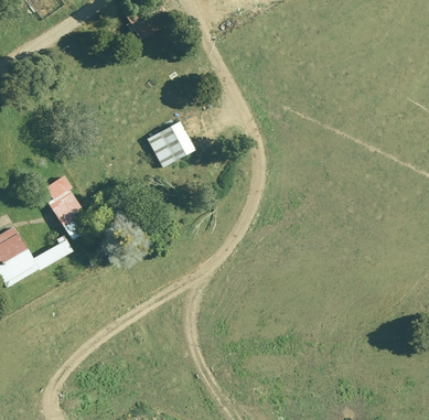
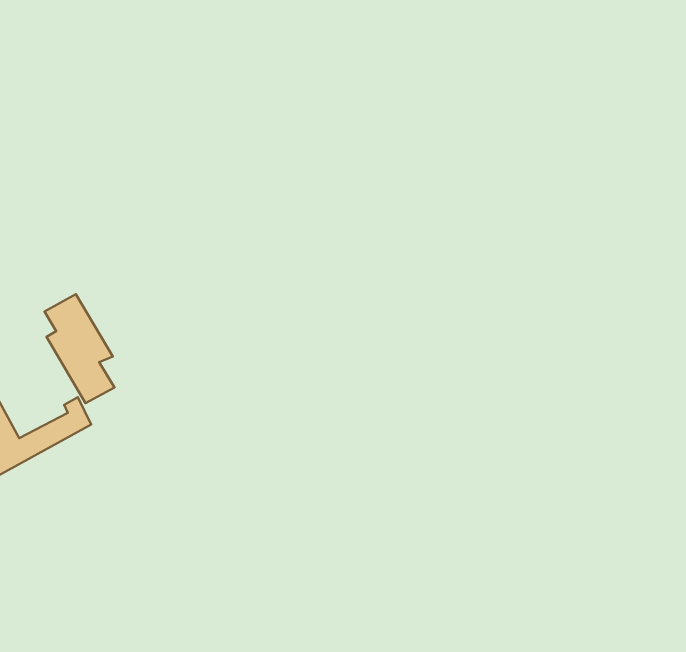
building: [147,121,194,166] -> none

